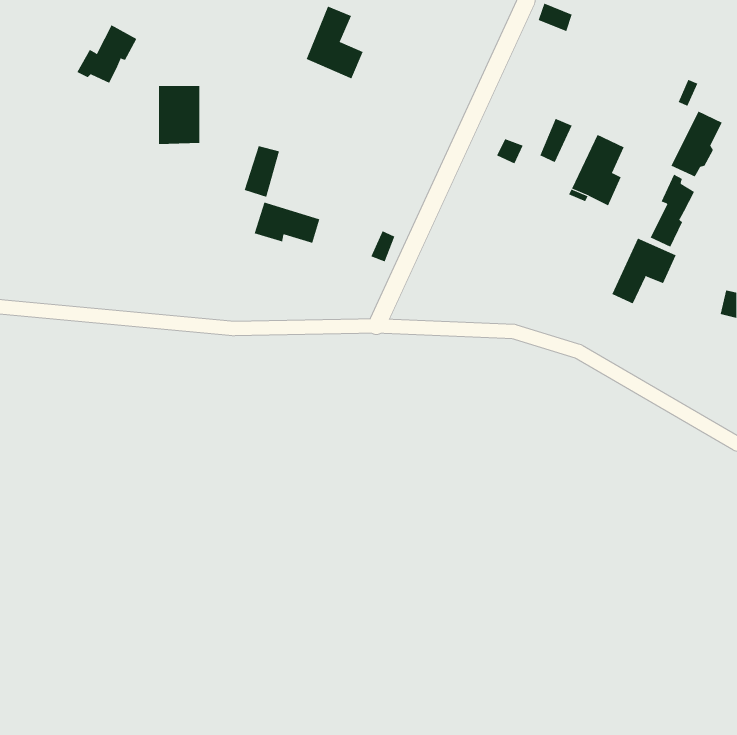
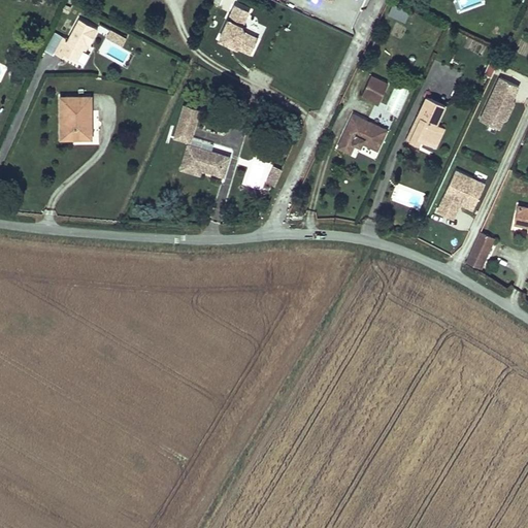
building: [158,85,200,144] -> [61,97,91,139]
building: none -> [361,76,389,105]
building: none -> [337,114,388,154]
building: [650,174,695,247] -> none
building: none -> [467,232,496,267]

